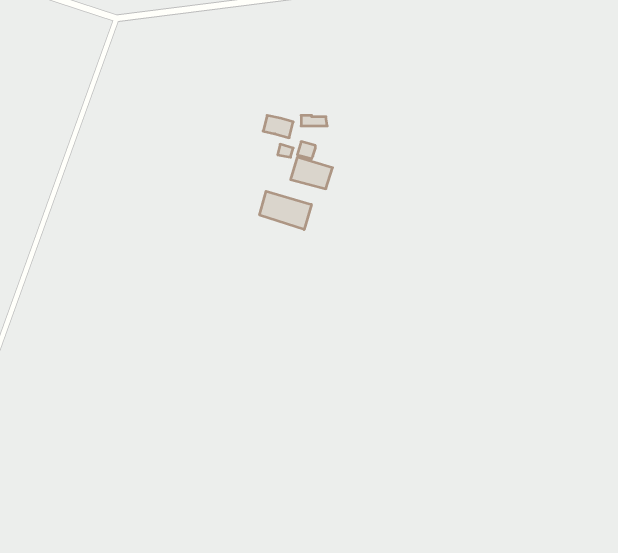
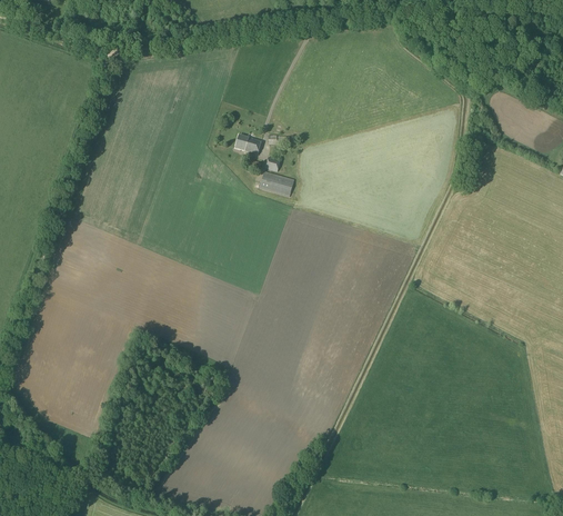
building: [260,191,311,230] -> none

